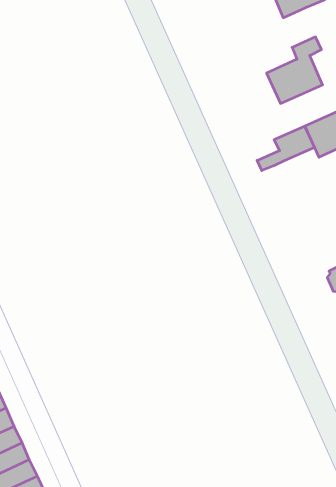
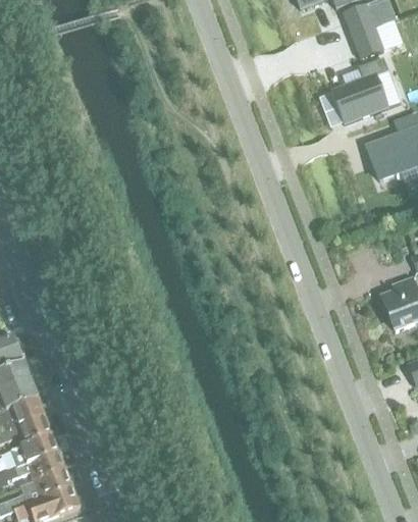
building: none -> [351,27,382,58]
building: [257,126,315,171] -> none

